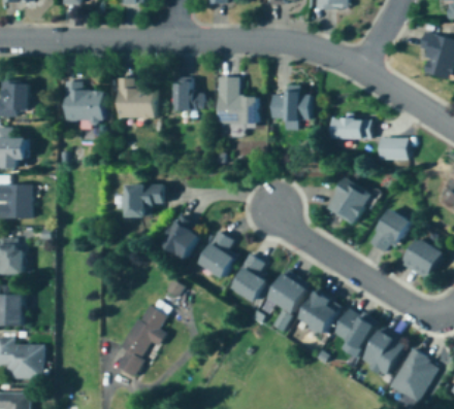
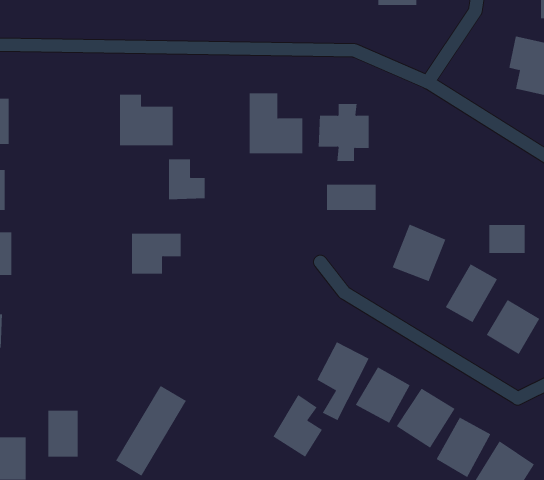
building: [174,79,203,111] -> [168,159,205,200]
building: [64,81,102,122] -> none
building: [331,118,370,139] -> [326,184,377,211]
building: [379,137,408,160] -> [488,224,525,254]
building: [160,214,203,260] -> none
building: [197,231,237,278] -> none
building: [229,253,268,303] -> [273,394,323,458]
building: none -> [48,410,78,458]

